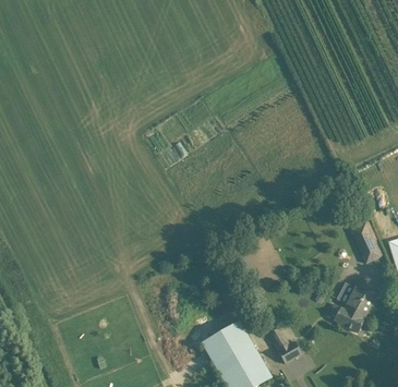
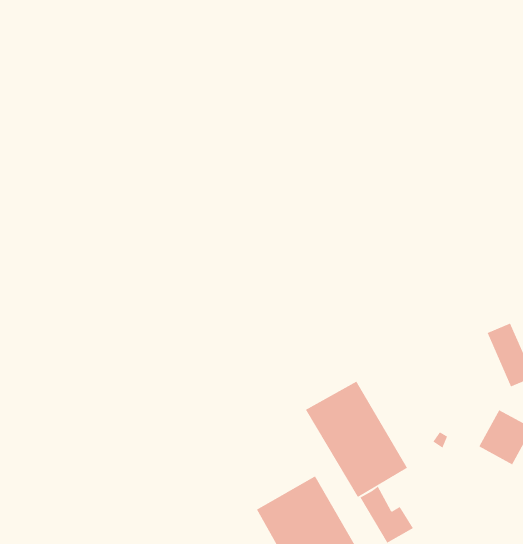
building: none -> [305,381,408,498]
building: [333,302,365,332] -> none

